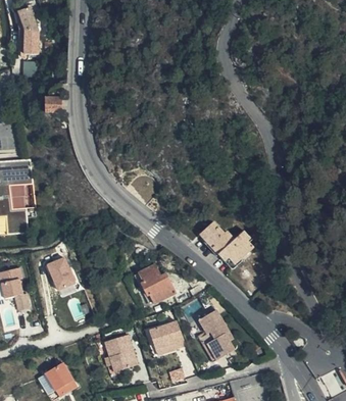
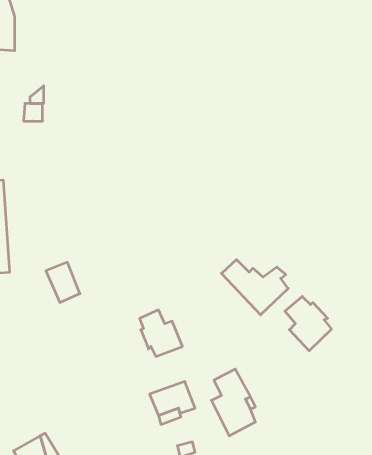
building: none -> [285,296,331,351]
building: [47,257,75,290] -> [46,262,80,302]
building: [105,337,137,374] -> none

